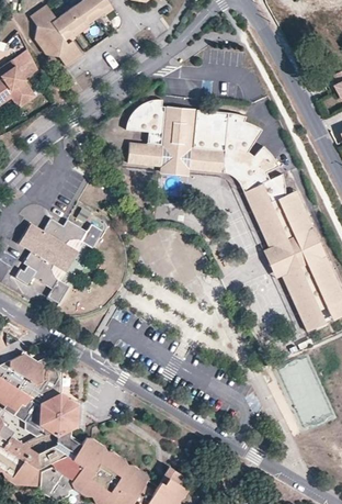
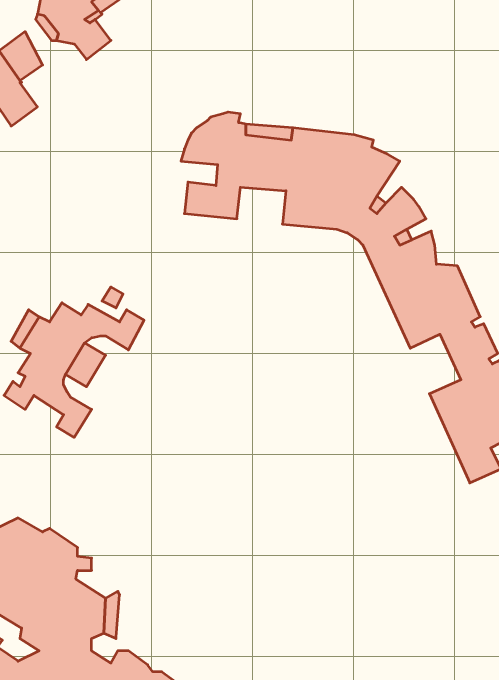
building: [159,147,191,177] -> none
building: [262,239,300,279] -> none

